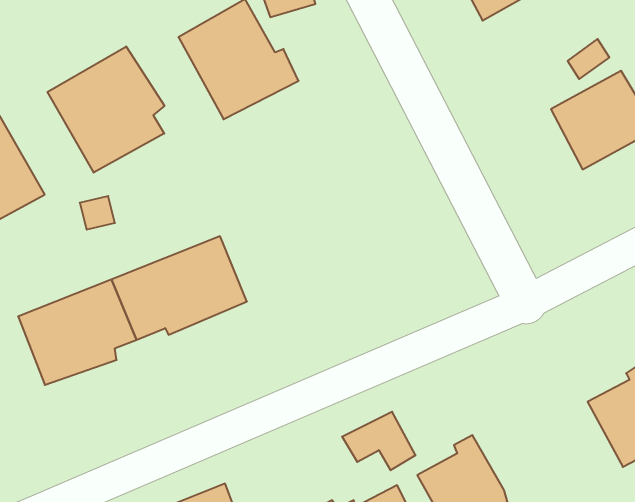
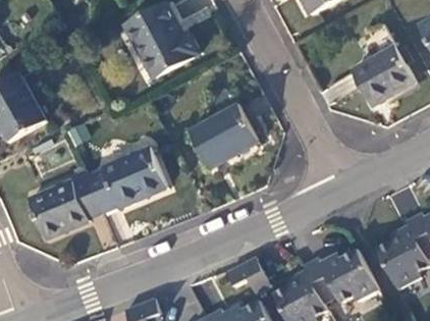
building: [47,46,164,173] -> none
building: none -> [190,103,259,167]
building: none -> [304,249,379,302]

